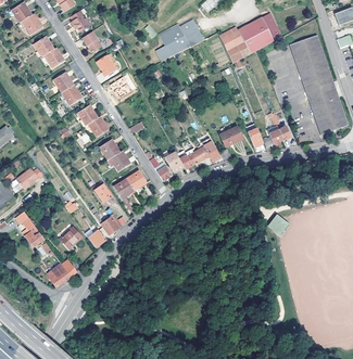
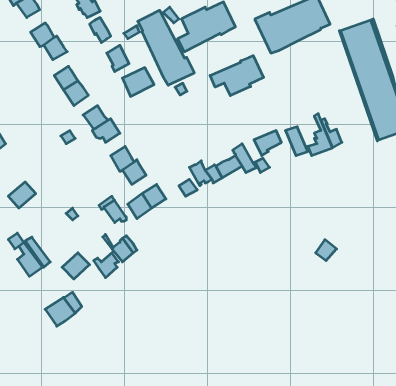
building: none -> [138,10,194,85]
building: none -> [210,56,264,96]

